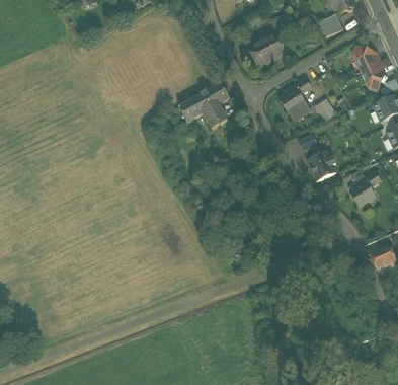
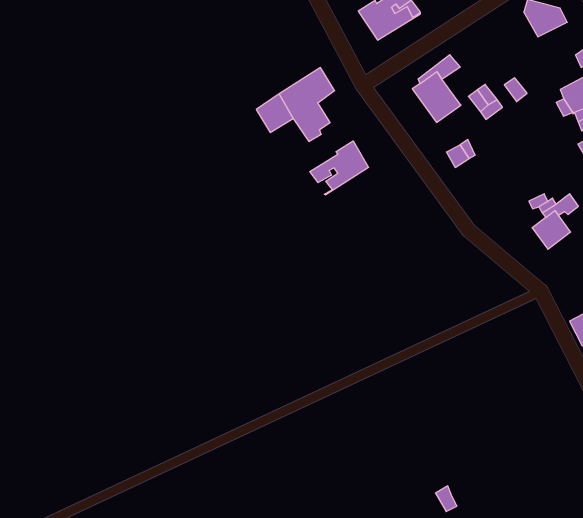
building: [362,62,384,90] -> none
building: none -> [310,141,369,195]
building: [307,150,336,180] -> none

